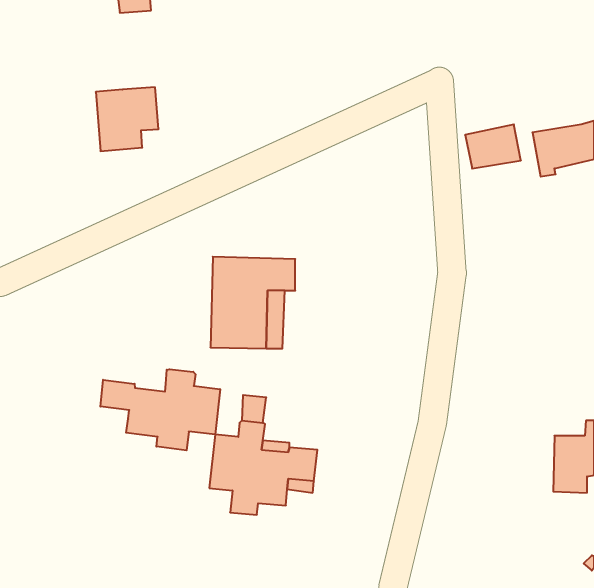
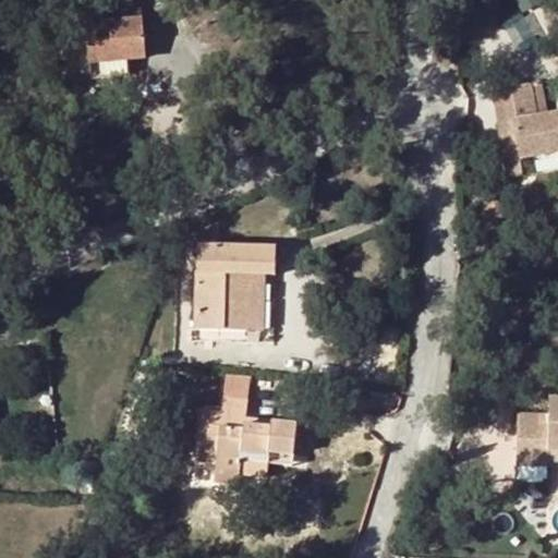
building: [96,87,159,151] -> [87,15,146,75]
building: [465,124,521,169] -> [493,83,545,124]
building: [100,369,220,450] -> none

